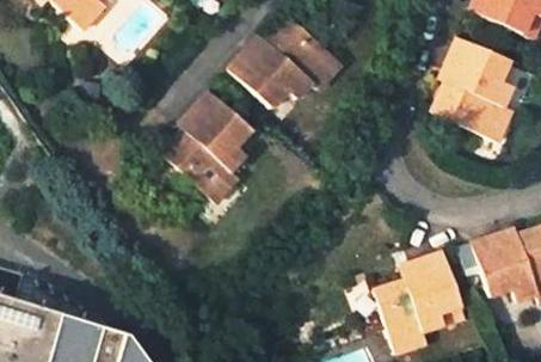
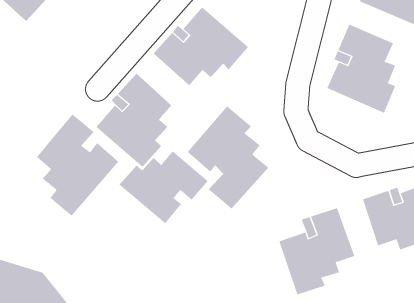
building: none -> [187,106,269,210]
building: none -> [36,114,119,216]
building: none -> [119,150,209,224]

